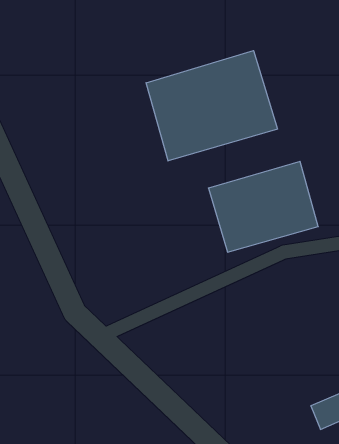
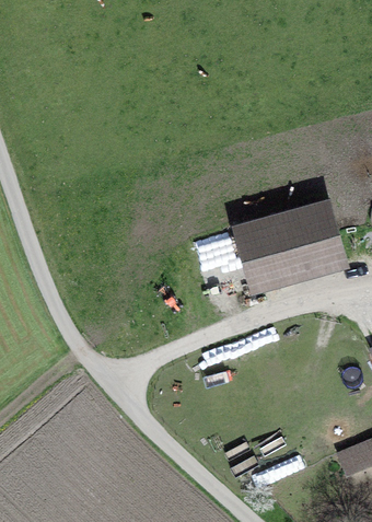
building: [146,51,277,161] -> none

